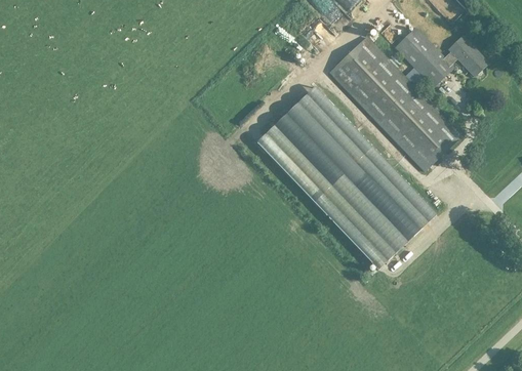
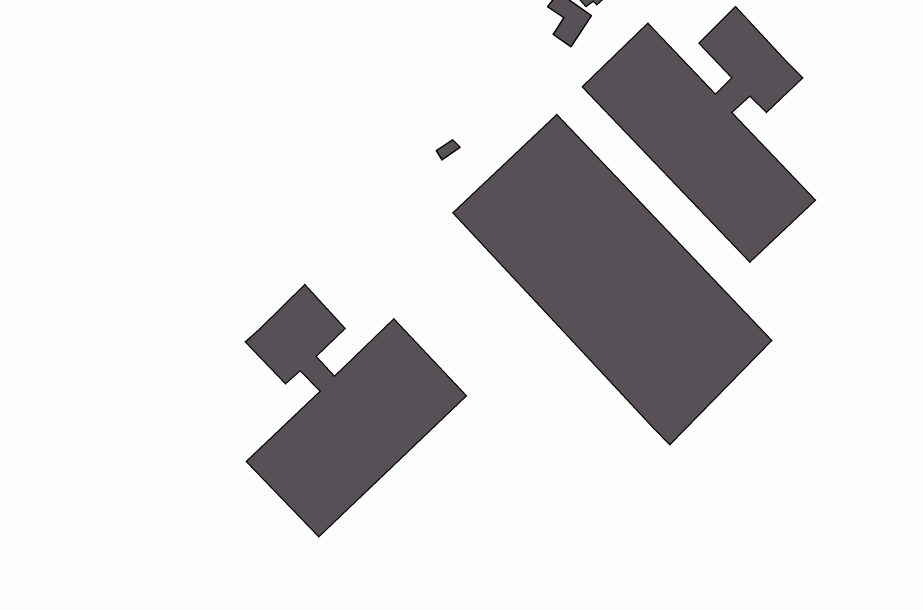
building: [444,35,487,72] -> none
building: none -> [245,284,467,537]

